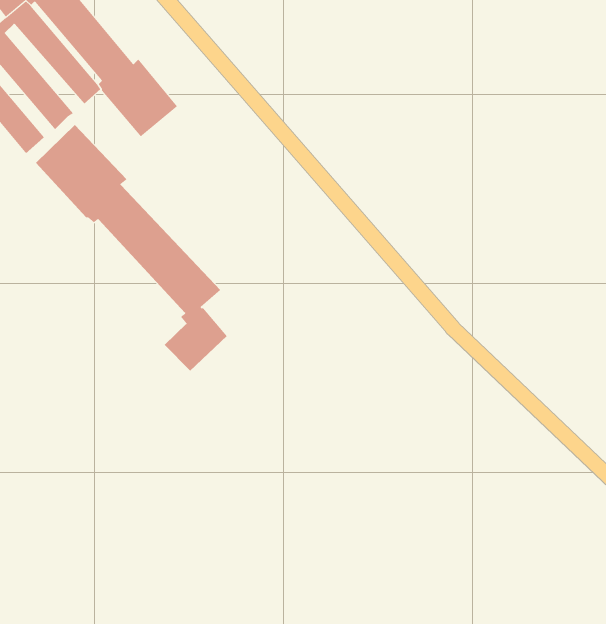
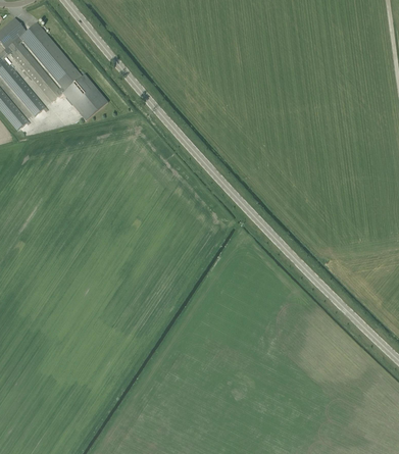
building: [35,124,228,371] -> none

